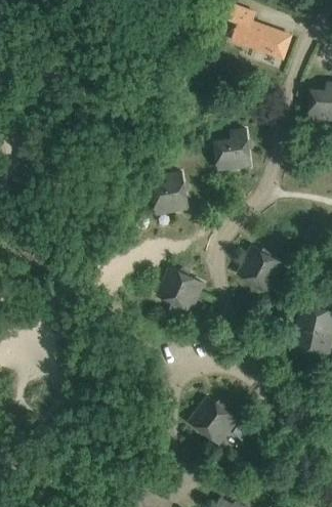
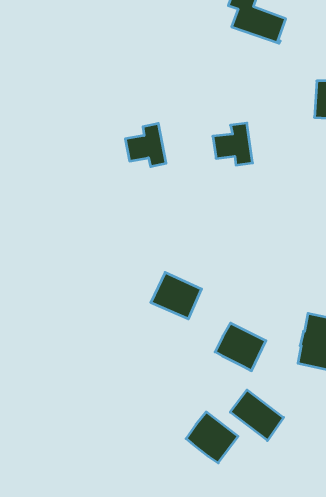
building: [150,173,188,213] -> [125,123,166,167]
building: [237,249,284,293] -> [215,323,266,371]
building: none -> [230,390,284,441]

